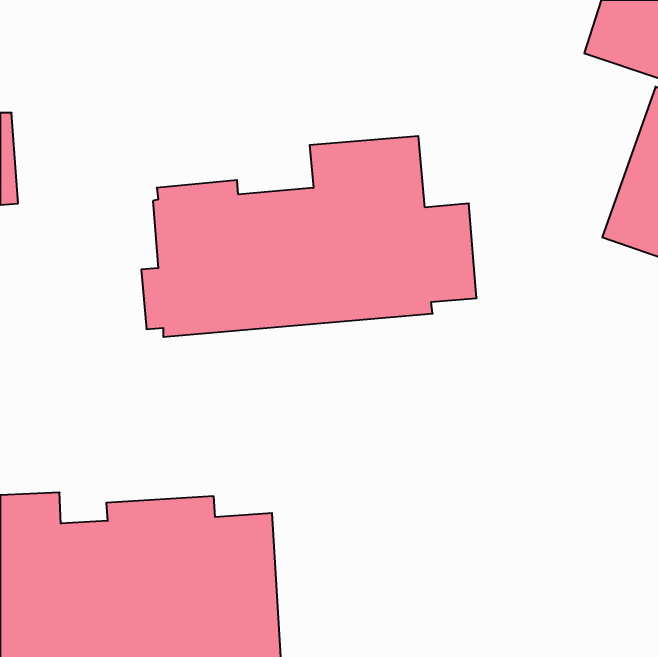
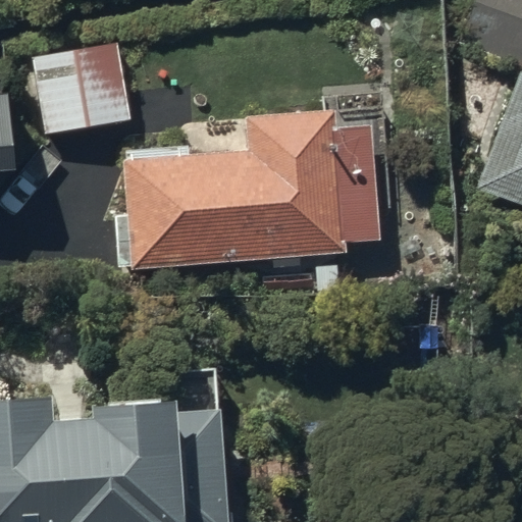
building: none -> [35,47,130,135]

